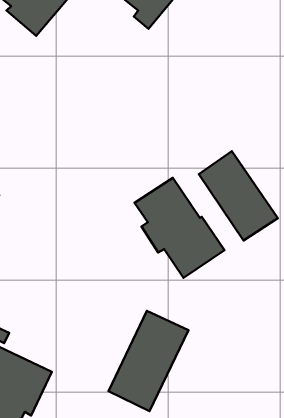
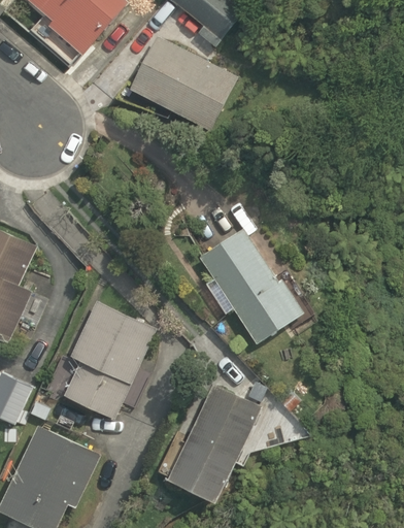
building: none -> [128,37,237,132]
building: [199,151,278,240] -> none
building: none -> [63,300,156,419]

